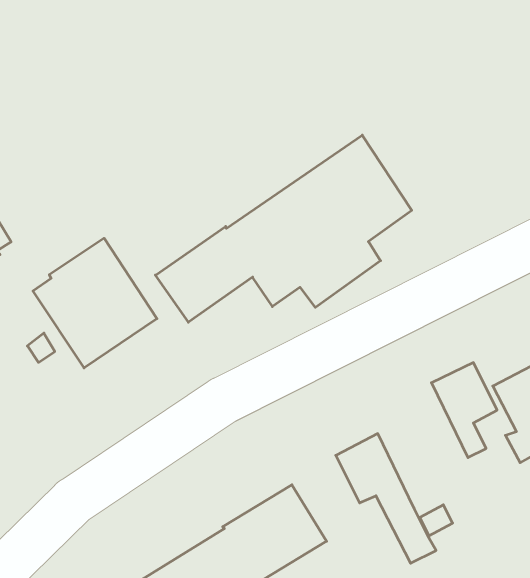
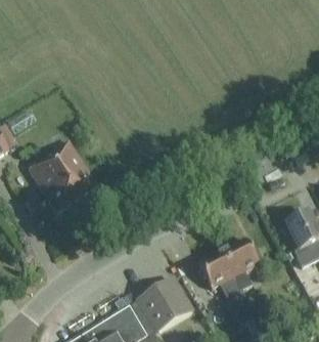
building: [155,135,412,322] -> none
building: [431,363,497,458] -> [221,237,258,290]

